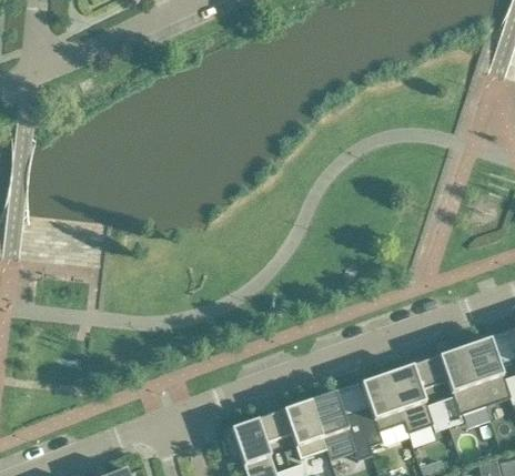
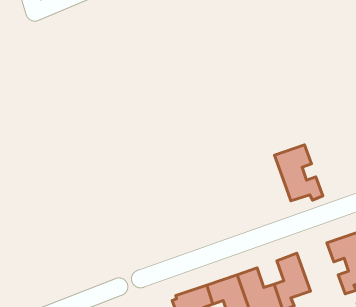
building: [387,357,450,429] -> [274,145,323,201]

